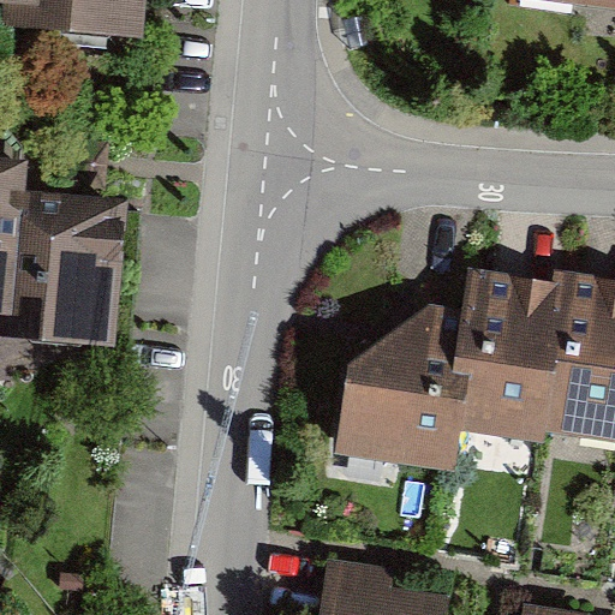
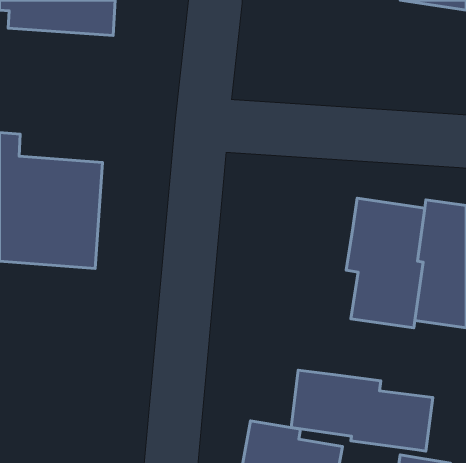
building: [335,301,471,464] -> none
building: none -> [291,370,433,451]

